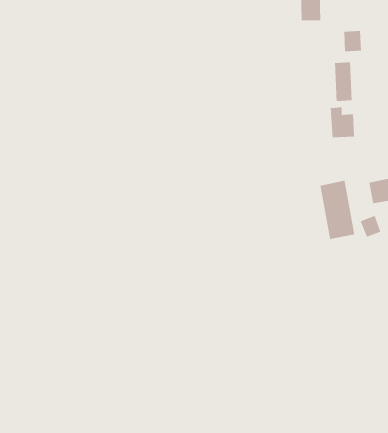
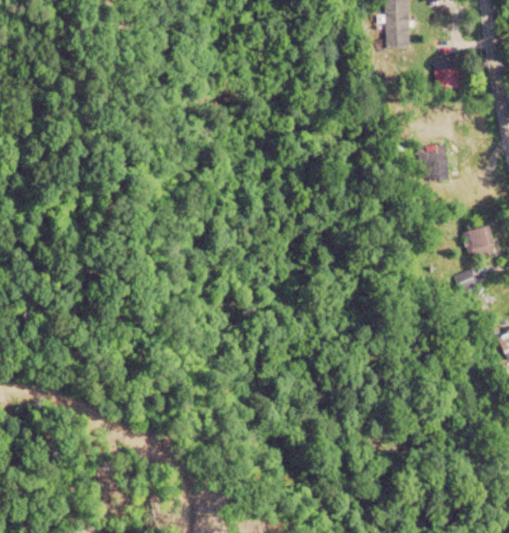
building: [334,61,352,102] -> none
building: [320,180,355,240] -> none

